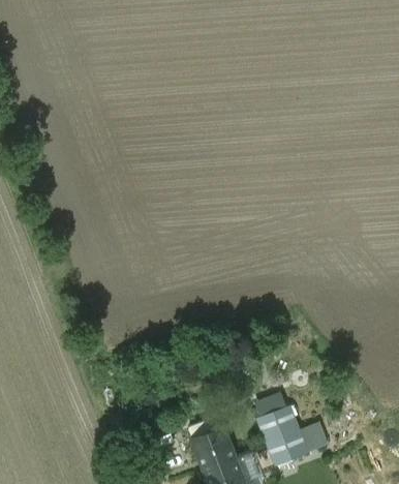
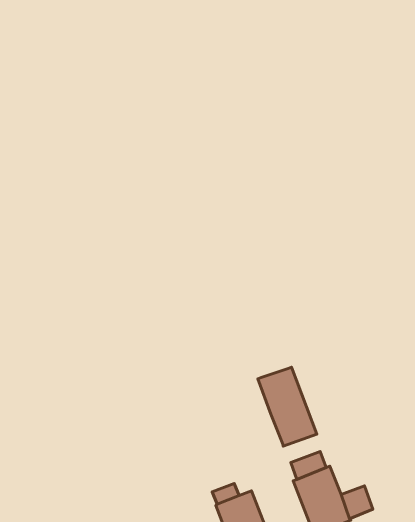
building: none -> [258,367,317,446]

